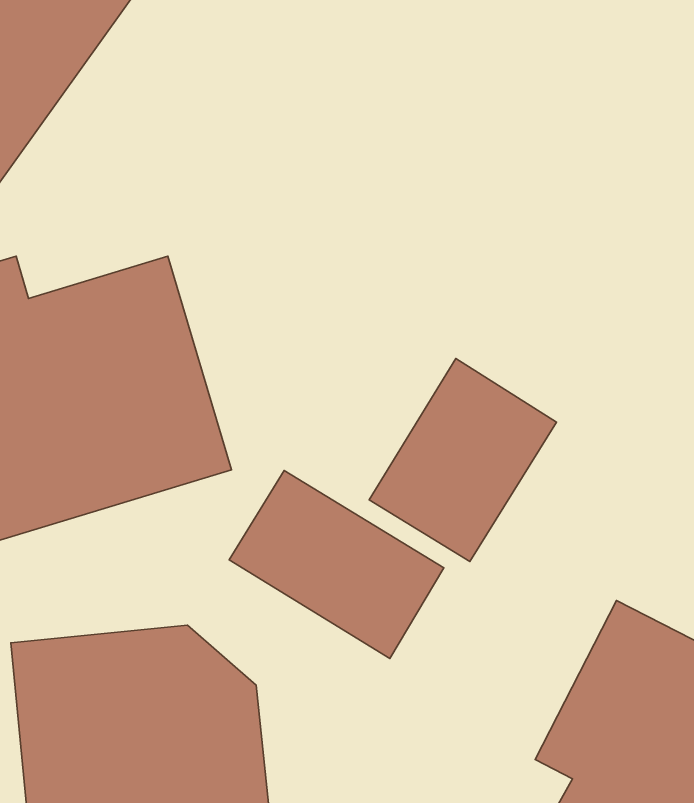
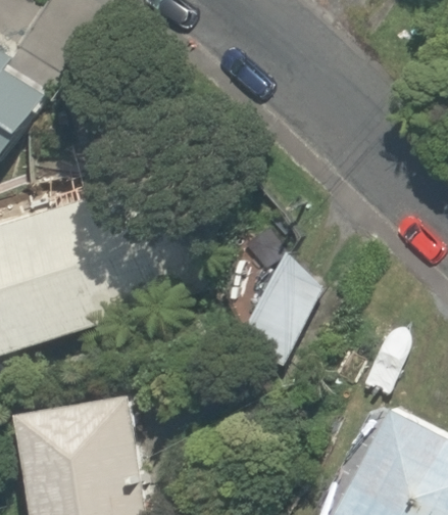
building: [229,470,444,659] -> none

